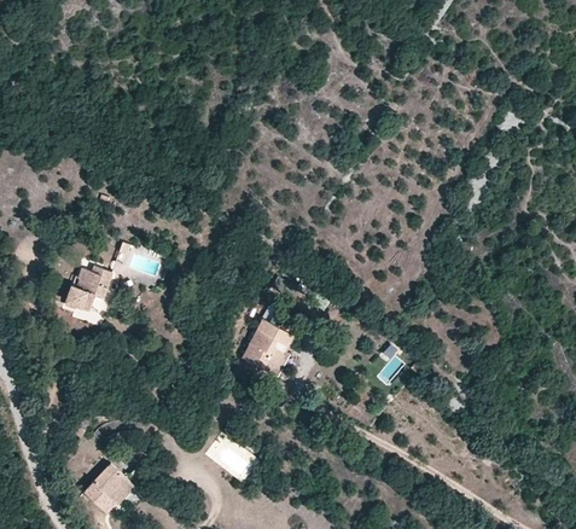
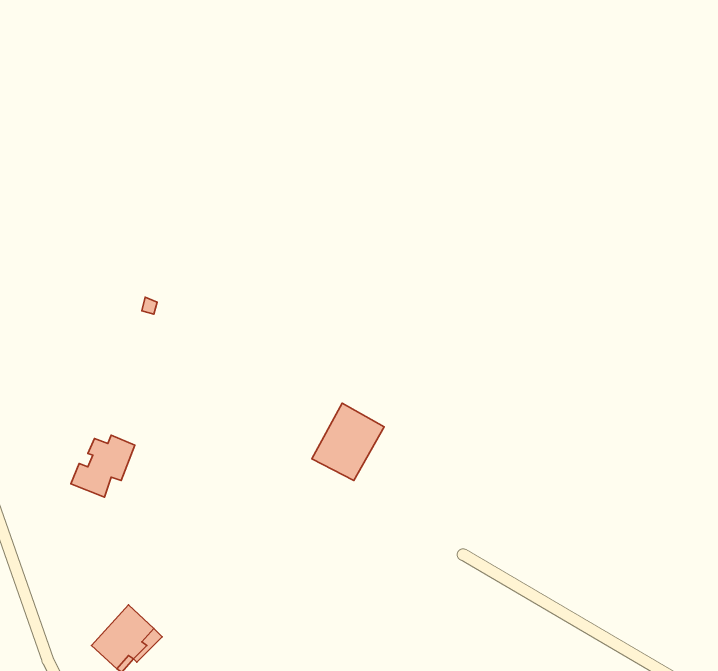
building: [63,266,109,310] -> [71,435,135,497]

